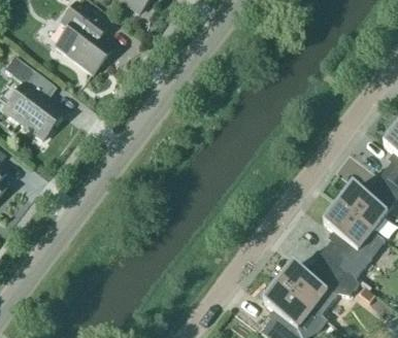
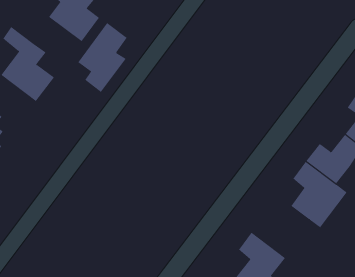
building: none -> [77,18,128,93]
building: [279,254,360,311] -> none

